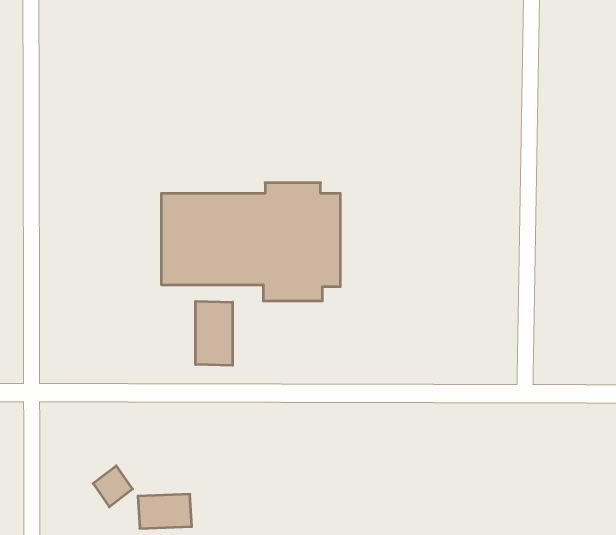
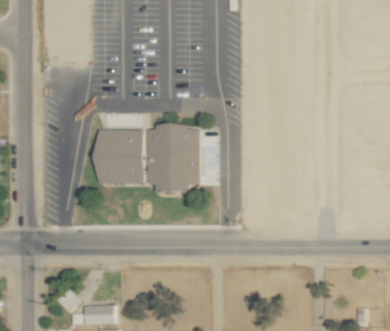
building: [196,301,233,365] -> none

